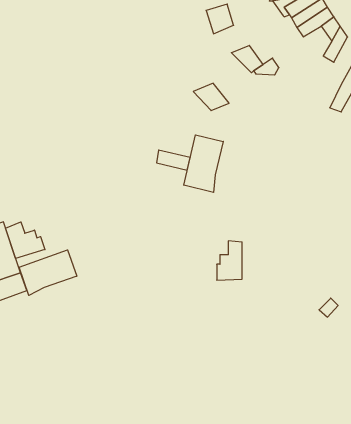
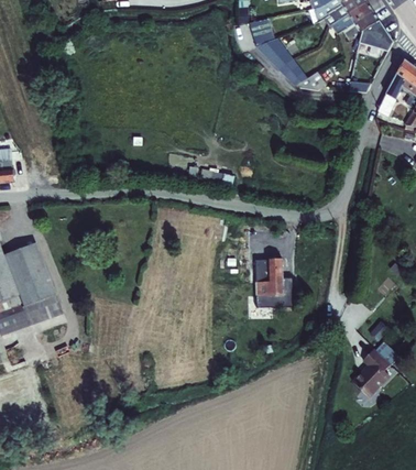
building: [193,83,229,111] -> [256,37,294,66]
building: [184,135,223,192] -> none
building: [6,222,45,258] -> none
building: [19,250,77,295] -> none
building: none -> [349,348,386,397]

